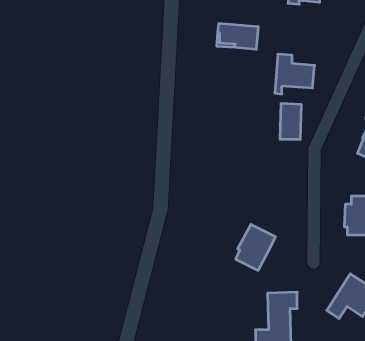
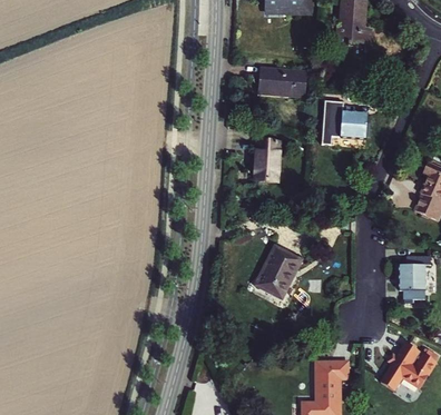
building: [280,104,301,139] -> [255,141,278,180]
building: [236,224,275,270] -> [257,247,301,297]

